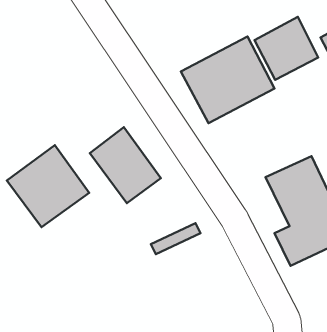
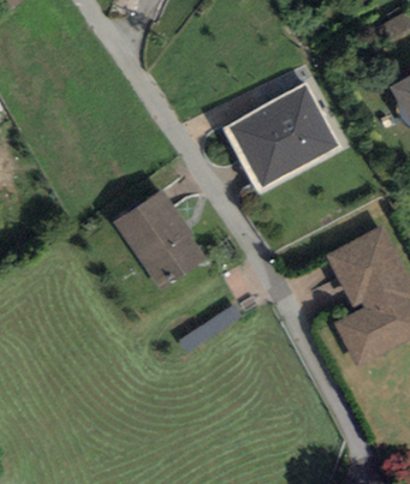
building: [254,17,318,80] -> none
building: [7,145,89,227] -> none

